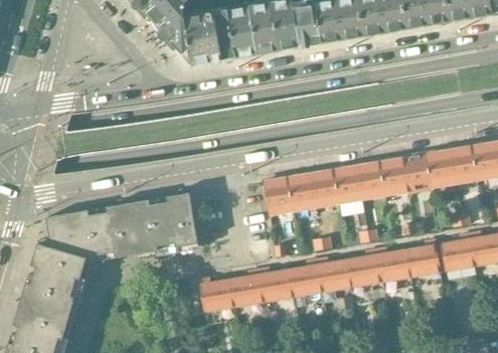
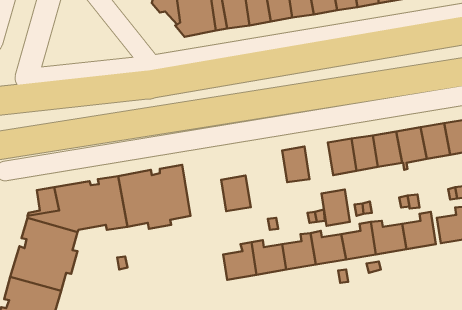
building: [310,170,338,206] -> [321,189,350,226]
building: [264,178,293,213] -> [221,176,251,211]
building: [198,277,233,311] -> none

